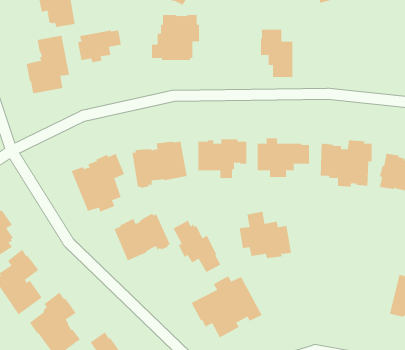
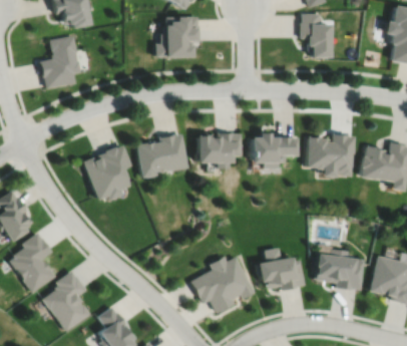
building: [260,29,293,77] -> [300,15,330,59]
building: [77,29,121,63] -> none
building: [239,211,292,259] -> [258,247,306,290]
building: [114,213,170,261] -> none
building: [173,220,221,273] -> none
building: none -> [317,249,366,290]

